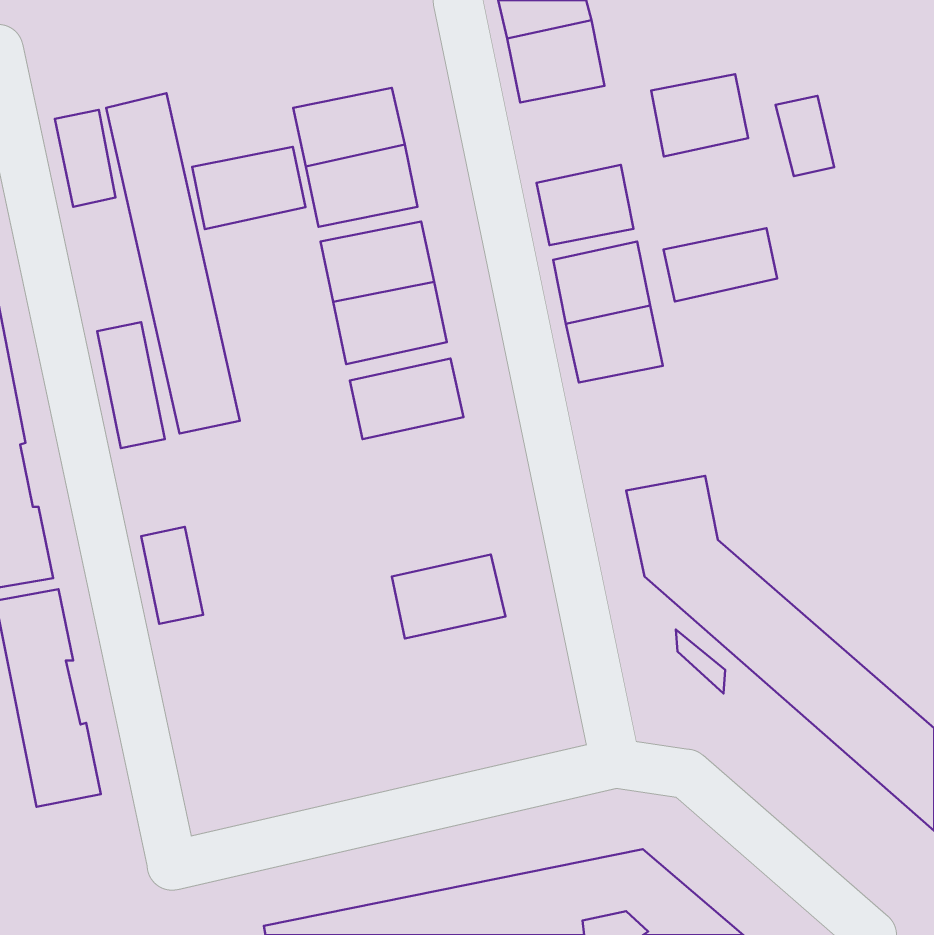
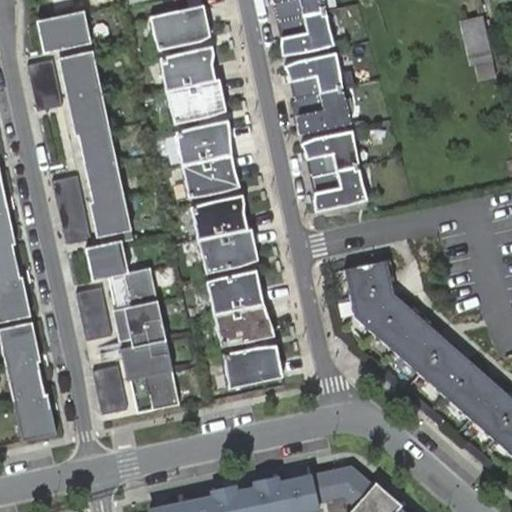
building: none -> [37,12,90,54]
building: [651,74,748,156] -> [286,55,339,100]
building: [775,96,834,176] -> [461,19,493,63]
building: [192,147,306,229] -> [151,6,213,51]
building: [664,228,777,301] -> none
building: none -> [198,228,260,274]
building: none -> [86,242,180,414]
building: none -> [207,271,268,315]
building: none -> [222,345,285,392]
building: none -> [94,366,127,415]

